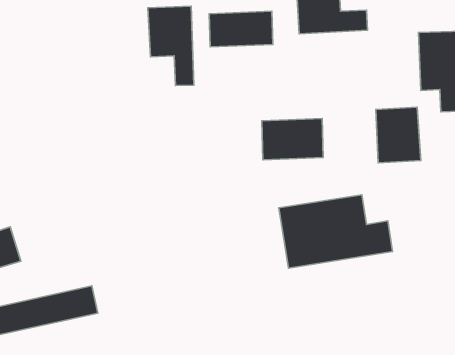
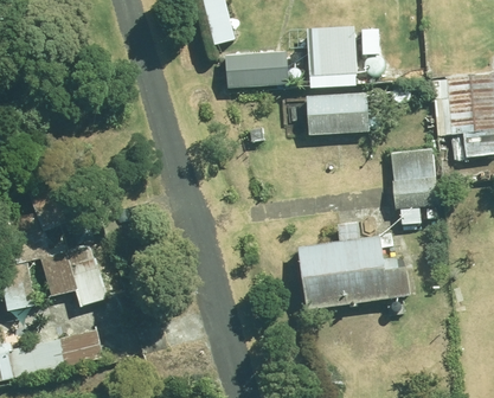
building: [148,6,194,86] -> none
building: [262,118,323,160] -> [307,92,368,134]
building: none -> [40,245,104,304]

